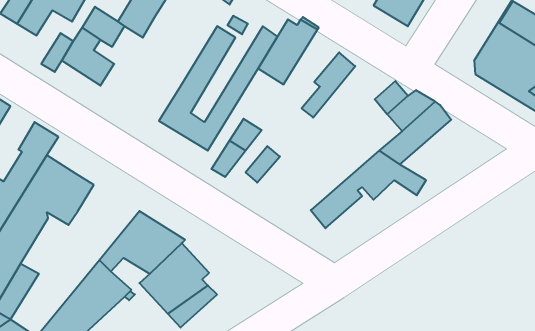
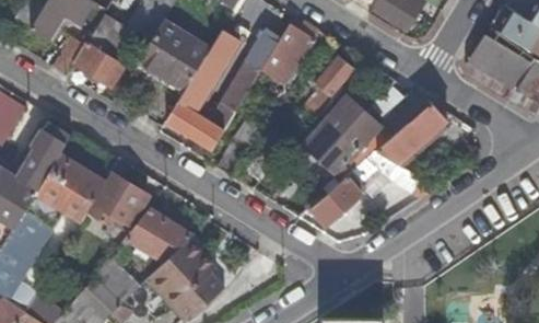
building: none -> [139,20,210,89]
building: none -> [303,93,382,176]
building: none -> [89,171,148,223]

